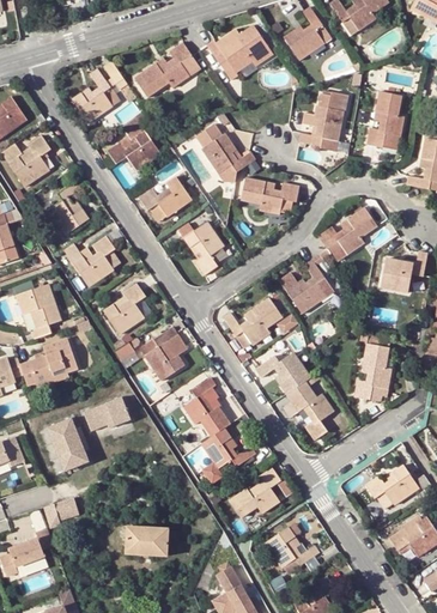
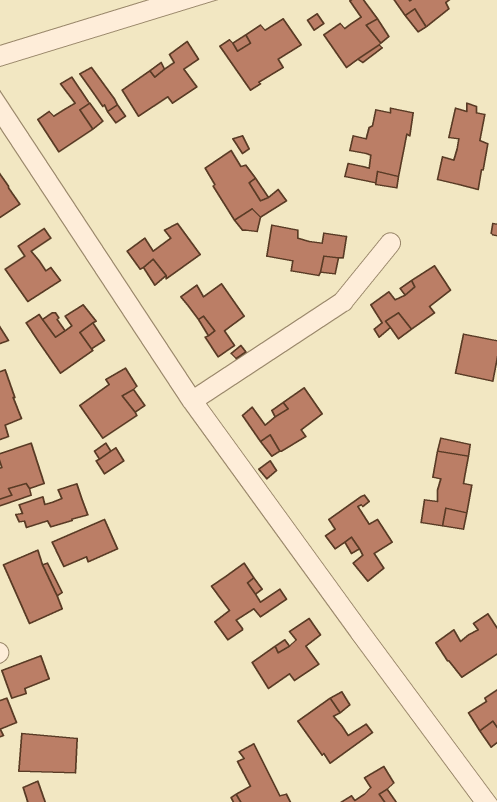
building: [107,110,160,170] -> none
building: [279,254,333,312] -> none
building: [140,326,187,381] -> none
building: [255,353,310,394] -> none
building: none -> [16,484,88,527]
building: [183,377,230,436] -> none
building: [125,526,168,554] -> [19,734,77,773]

